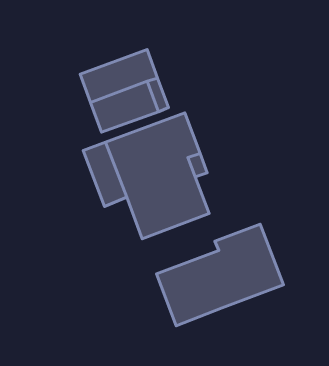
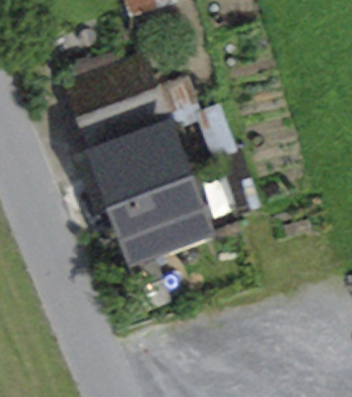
building: [156,224,284,326] -> none

